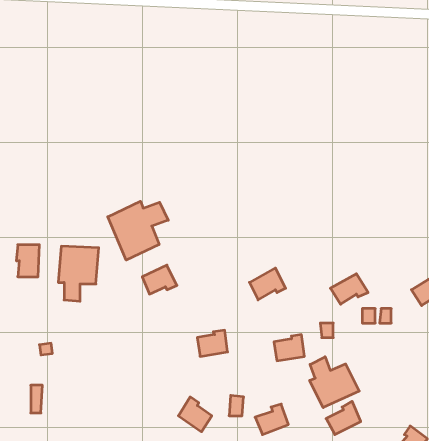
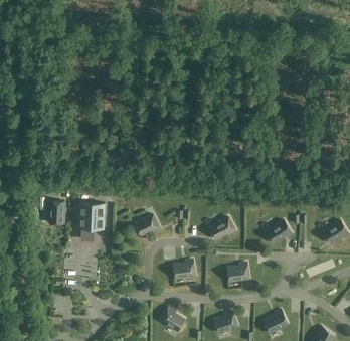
building: [108,201,168,260] -> none
building: [310,357,359,408] -> none

